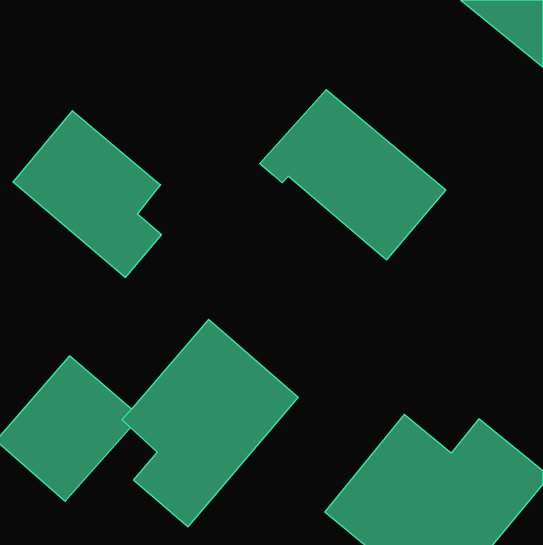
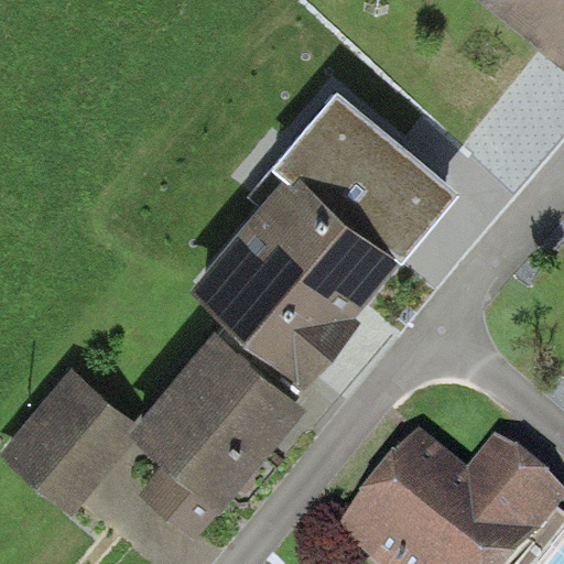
building: [13,111,161,278] -> none
building: none -> [188,182,393,387]

